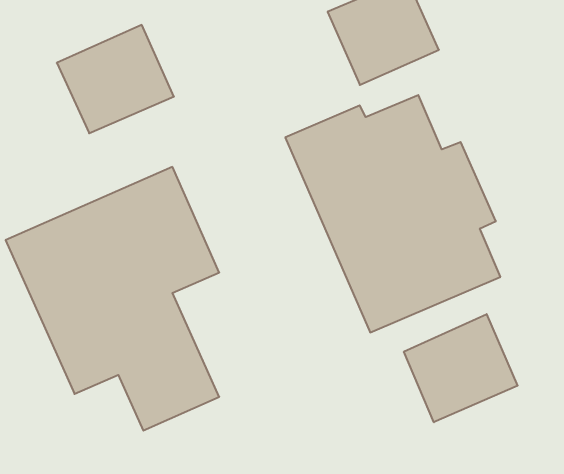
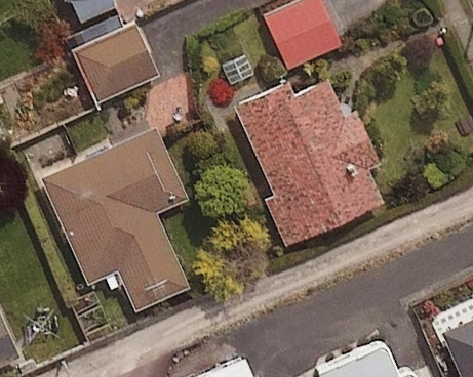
building: [404,314,518,422] -> none

